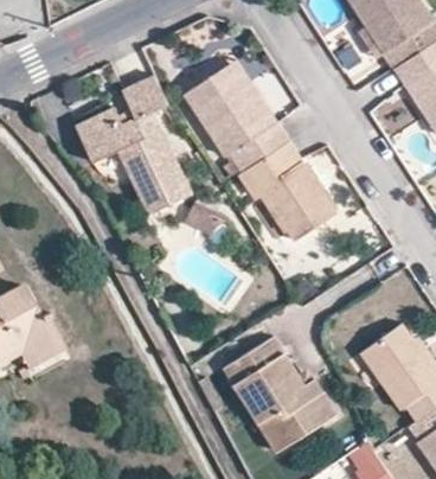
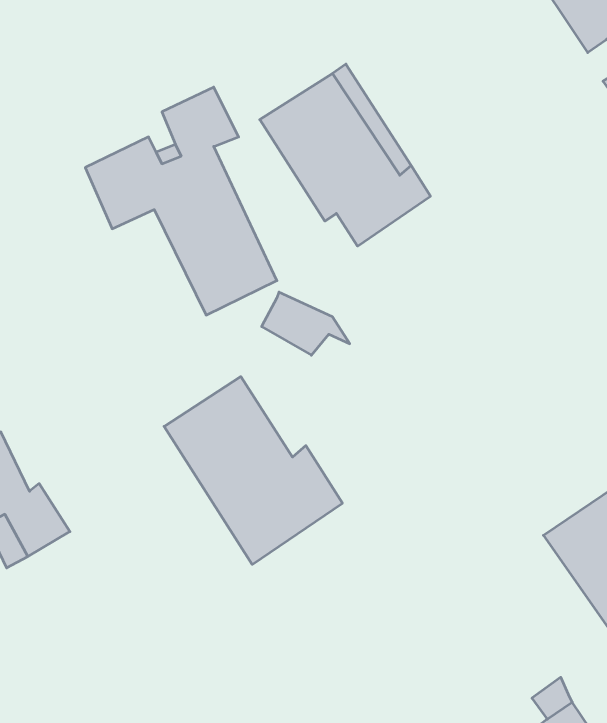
building: [238,141,334,237] -> none
building: [224,336,334,452] -> [164,377,342,564]

